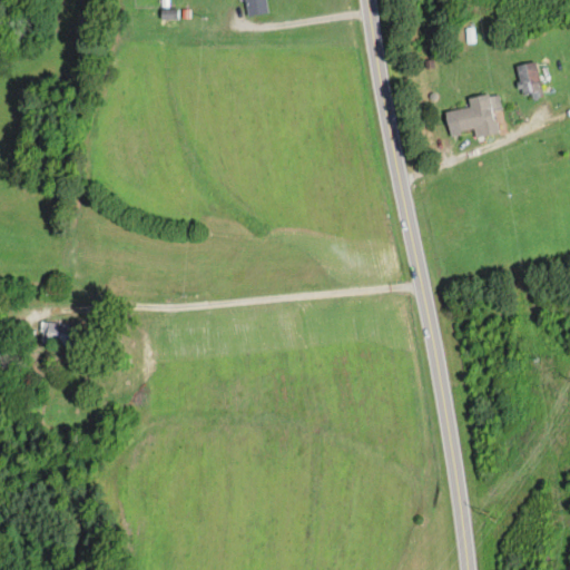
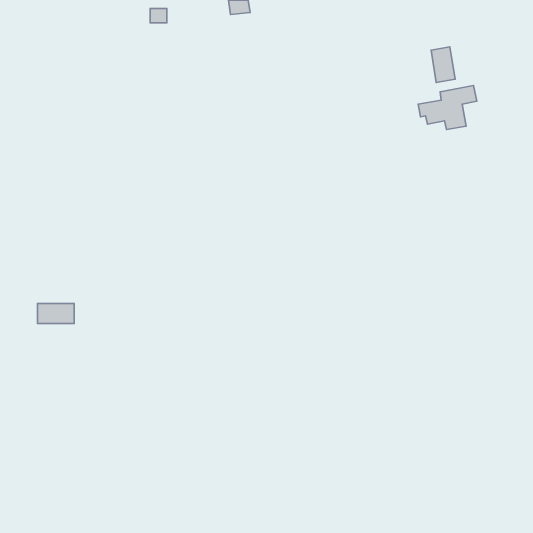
building: [517,61,542,99] -> [431,47,455,82]

